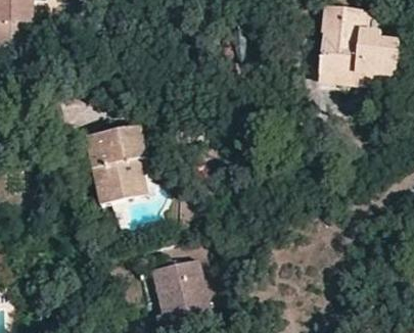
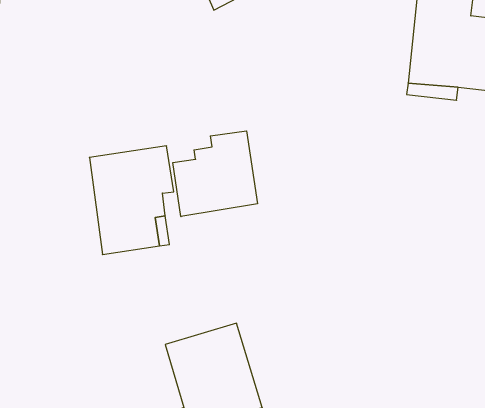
building: none -> [173,131,257,217]

